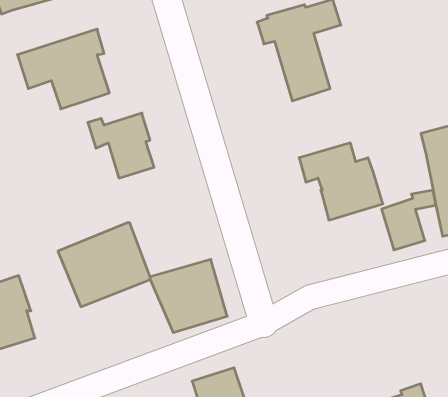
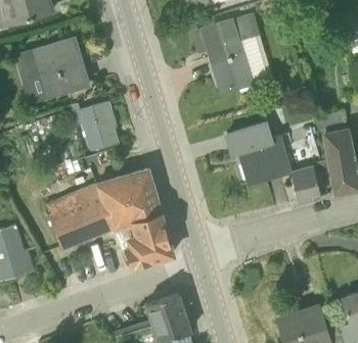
building: none -> [99,168,161,225]

